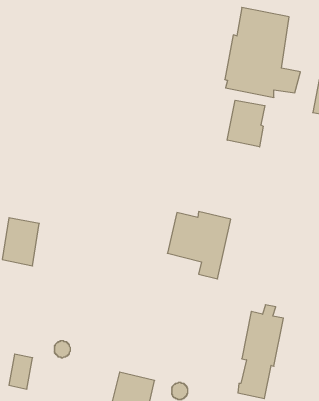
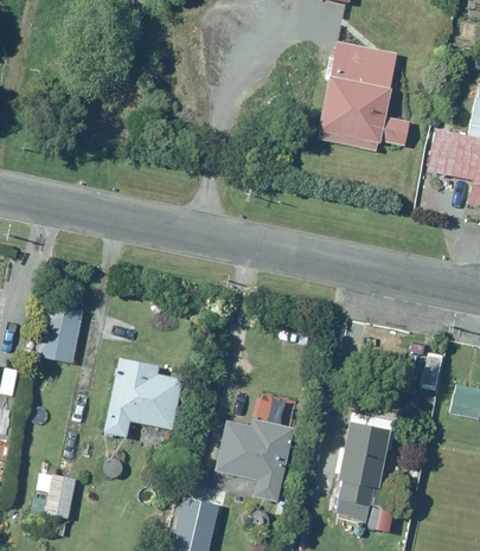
building: [227,100,265,147] -> none
building: [167,212,231,279] -> [213,418,293,502]
building: none -> [102,358,181,437]

